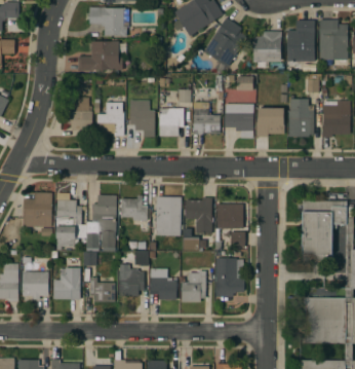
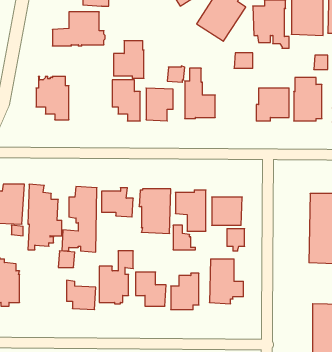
building: [96,103,123,136] -> [114,41,144,78]
building: [224,104,253,138] -> none
building: [52,267,80,299] -> none

